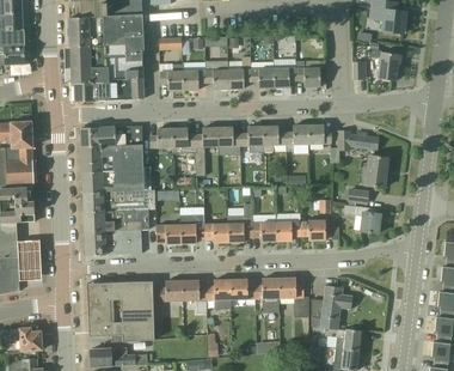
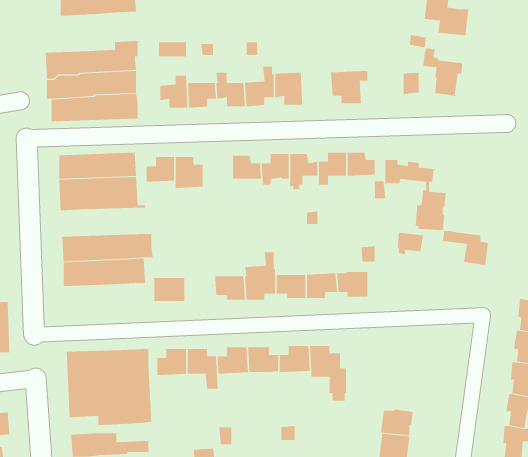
building: [68,13,143,45] -> none
building: [272,61,296,87] -> none
building: [195,127,217,175] -> none
building: [81,169,151,191] -> none
building: [343,205,380,232] -> [442,231,489,265]
building: [180,215,204,243] -> none
building: [84,229,141,255] -> none
building: [312,285,352,329] -> none

